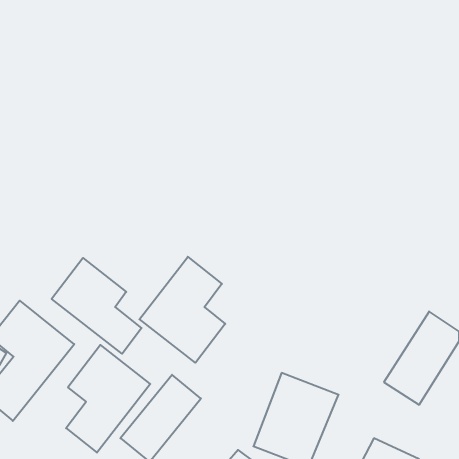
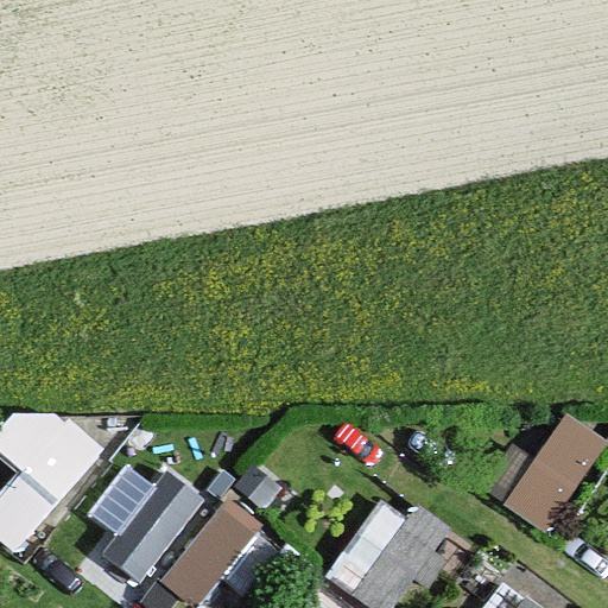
building: [139,257,225,363] -> none
building: [52,258,142,354] -> none

